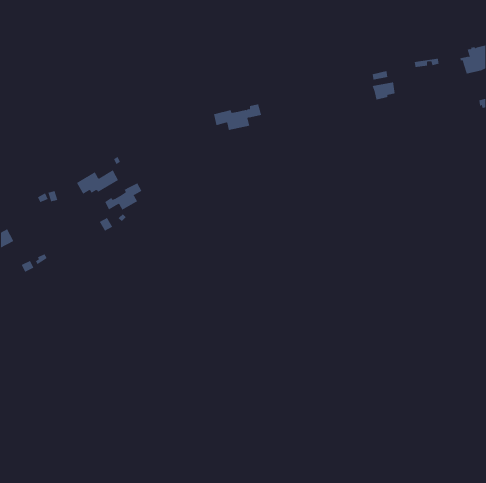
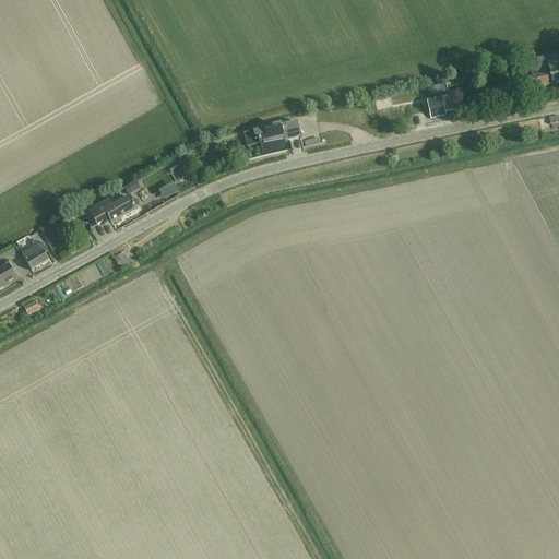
building: [104,182,142,212] -> none
building: none -> [22,237,49,267]

